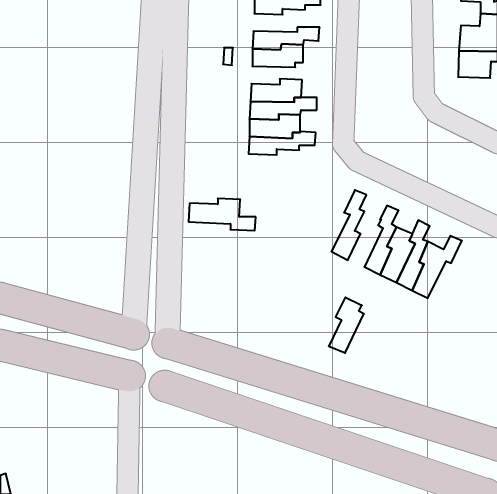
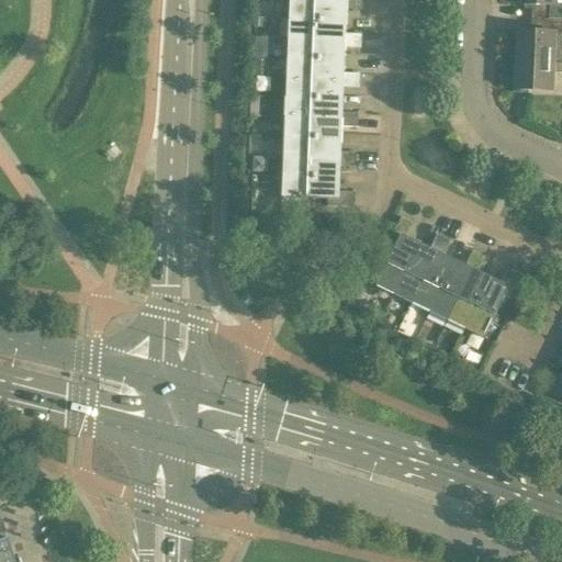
building: none -> [286,10,345,36]
building: none -> [284,70,360,95]
building: [189,198,256,231] -> [280,168,356,204]
building: [329,297,364,353] -> [393,238,432,301]

